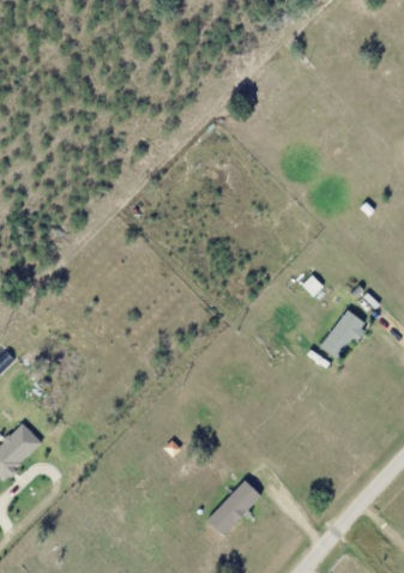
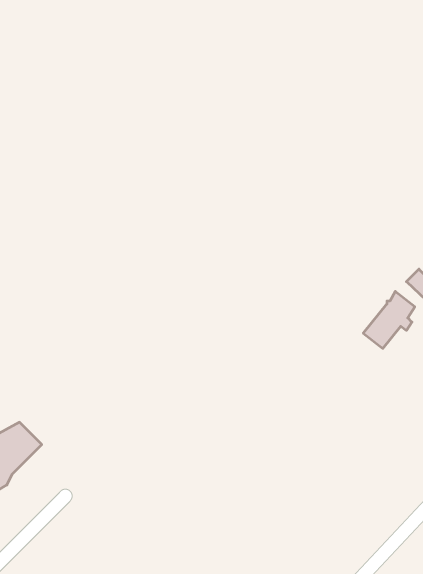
building: [209,479,263,535] -> none

